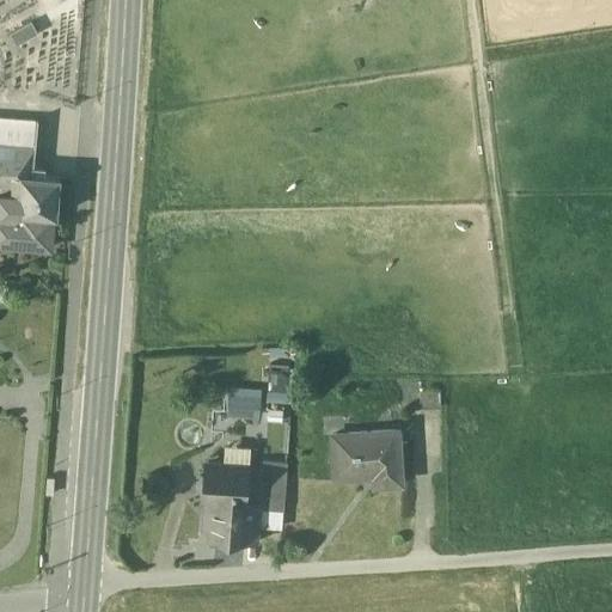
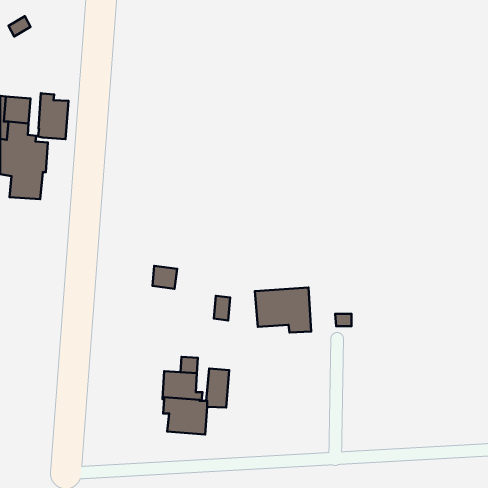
building: none -> [38,93,68,139]
building: [228,390,259,418] -> [152,266,177,289]
building: [331,429,402,485] -> [255,287,311,332]

